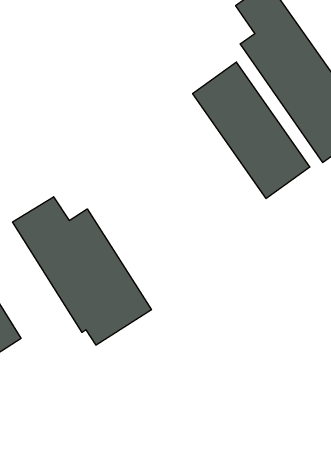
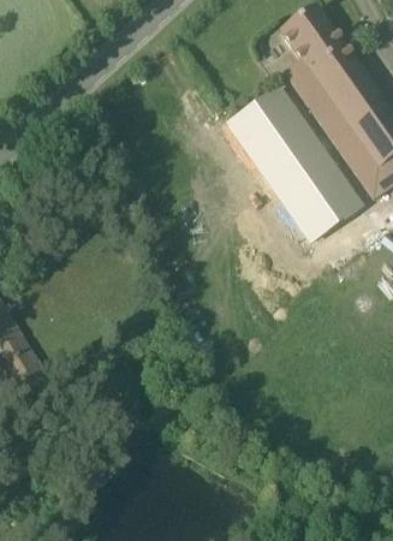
building: [13,197,151,345] -> none

